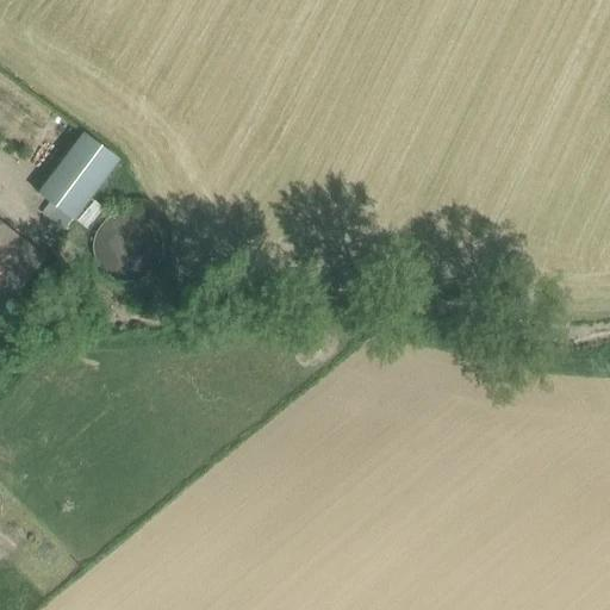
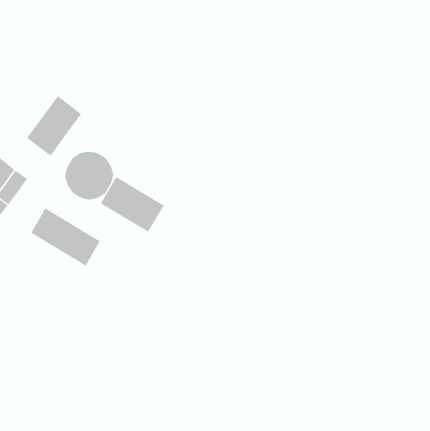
building: none -> [100,176,164,233]
building: none -> [30,208,101,267]

